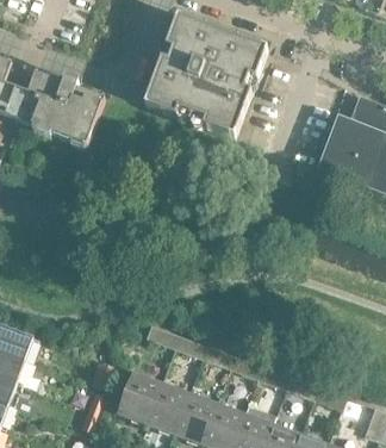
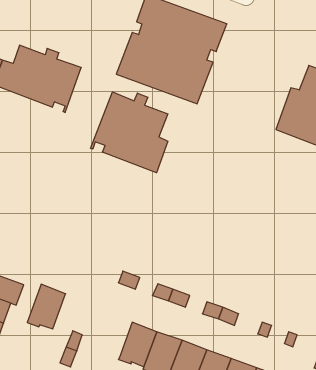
building: none -> [91,92,168,173]
building: [116,369,158,419] -> [27,284,66,329]

